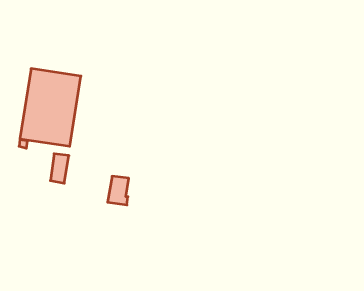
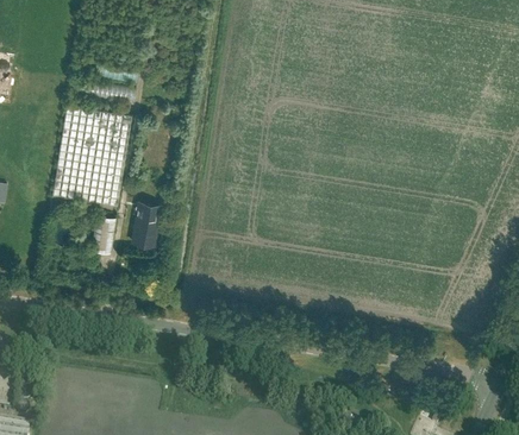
building: [108,176,129,205] -> [131,206,158,242]

